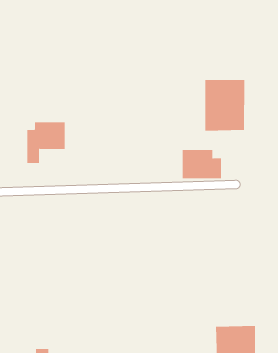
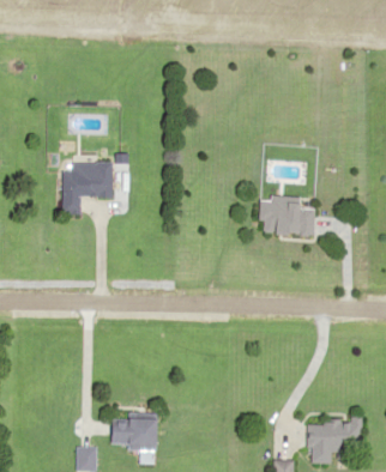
building: [205,79,245,131] -> none
building: none -> [110,419,156,448]

